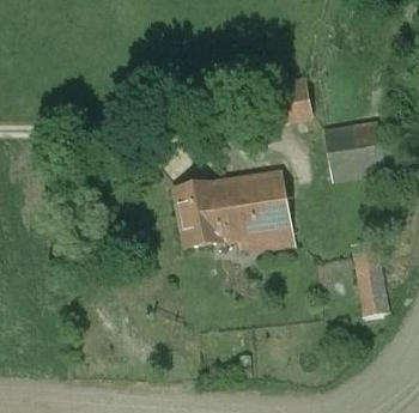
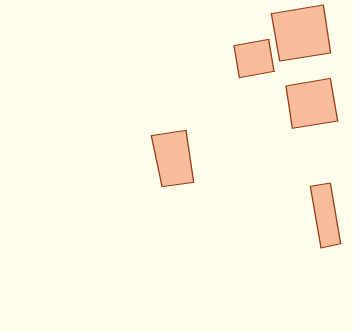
building: none -> [272,5,330,61]
building: [212,171,294,249] -> none

